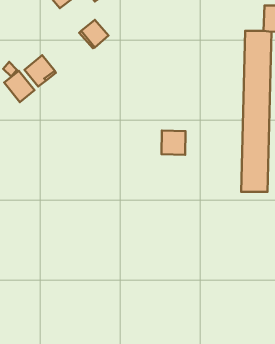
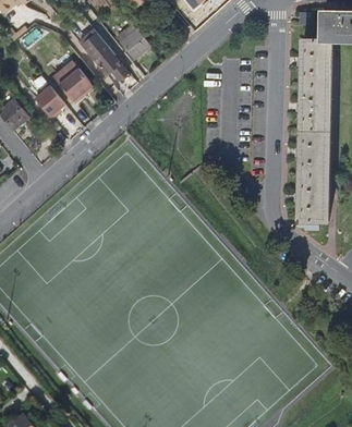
building: none -> [80,30,128,78]
building: [161,131,186,155] -> none

